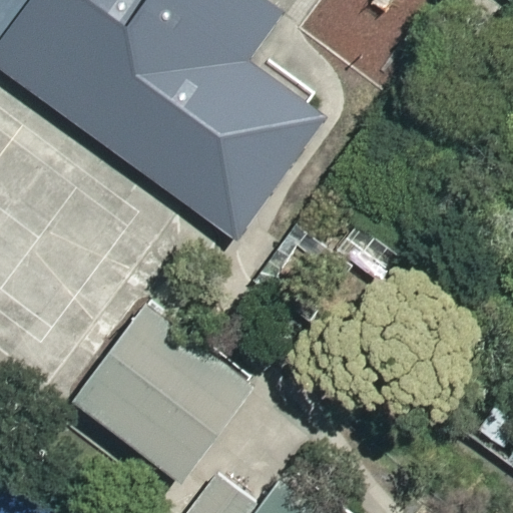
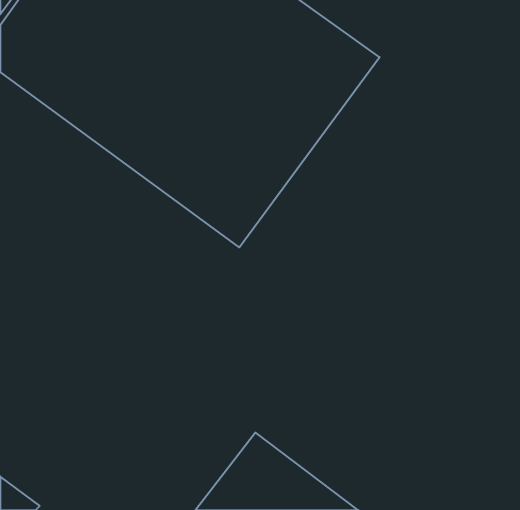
building: [62,294,256,483] -> none

